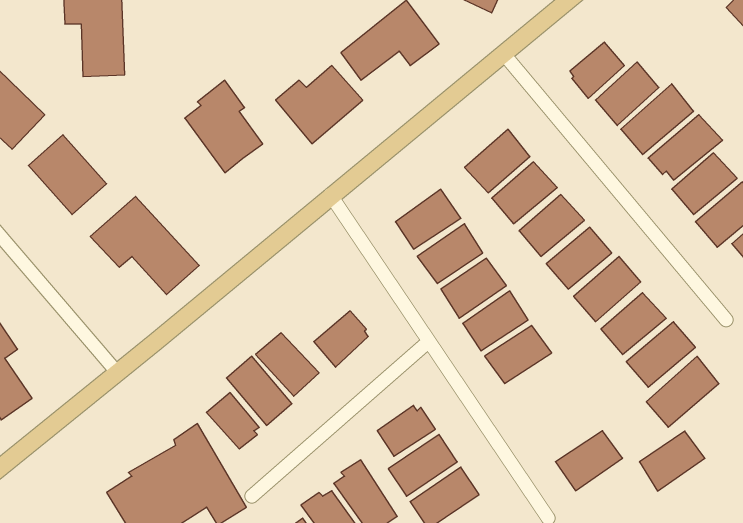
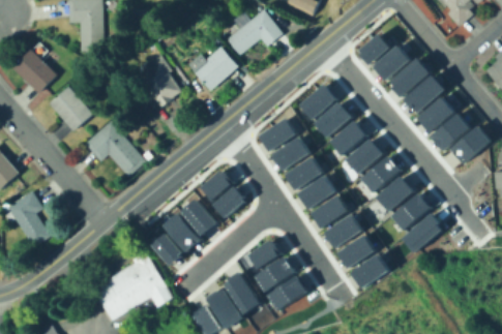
building: none -> [200,170,233,200]
building: none -> [323,214,360,248]
building: [639,431,705,491] -> [337,235,375,269]

